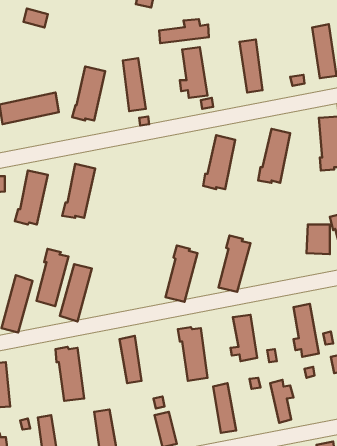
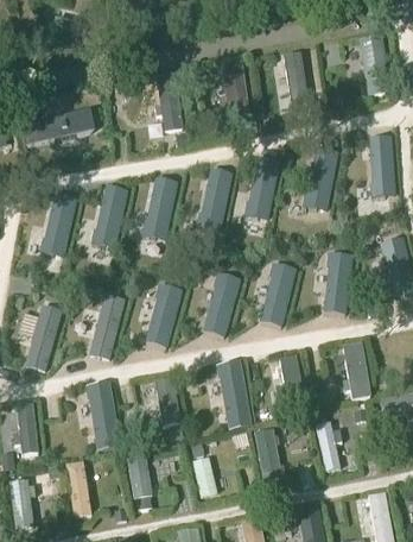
building: [159,19,209,43] -> none
building: [72,67,105,121] -> [142,178,178,237]
building: none -> [197,169,231,227]
building: none -> [325,254,351,314]
building: [37,249,68,306] -> [147,285,182,347]

